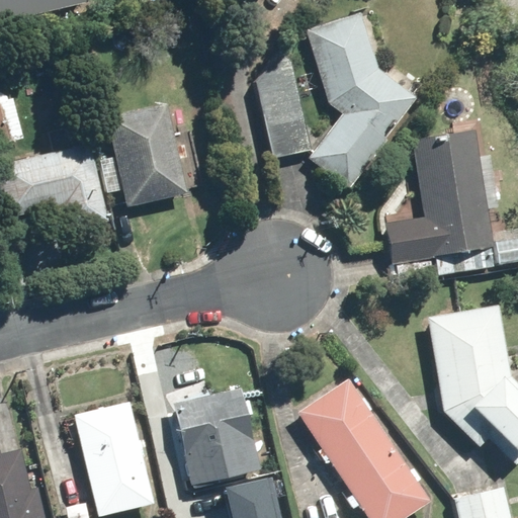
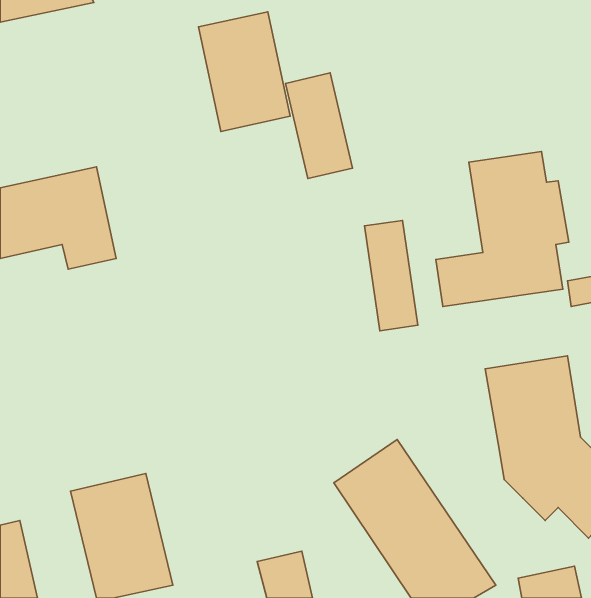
building: [306,13,417,184] -> none
building: [105,104,184,207] -> [198,12,290,132]
building: none -> [365,220,418,331]
building: [175,383,261,479] -> none

